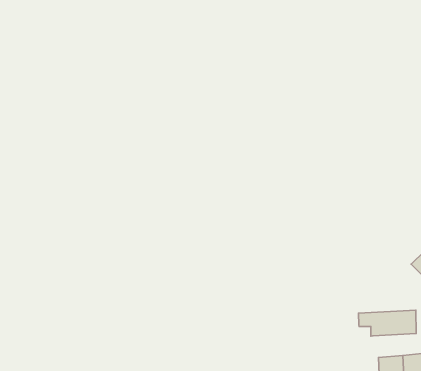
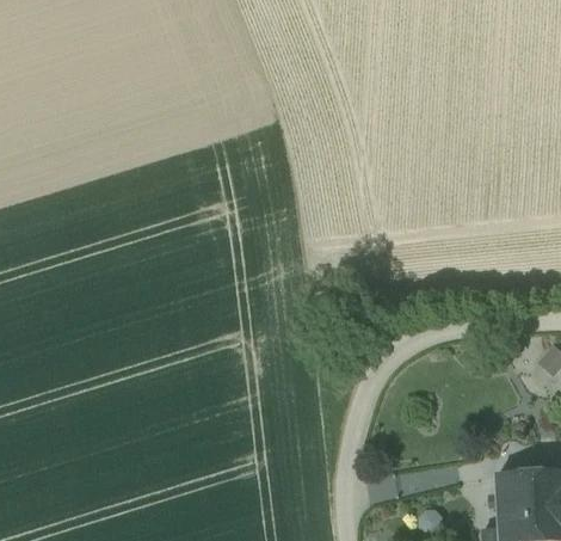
building: [359,310,416,336] -> none

